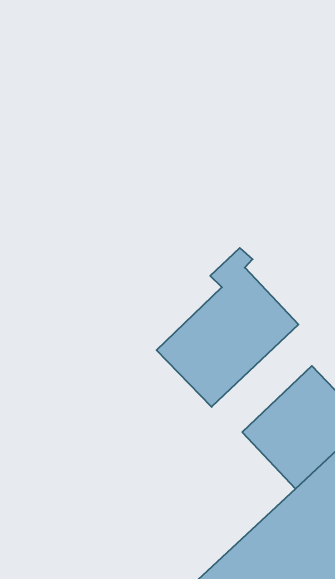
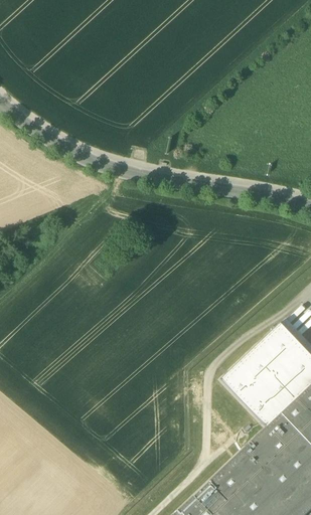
building: [157,248,298,407] -> none

